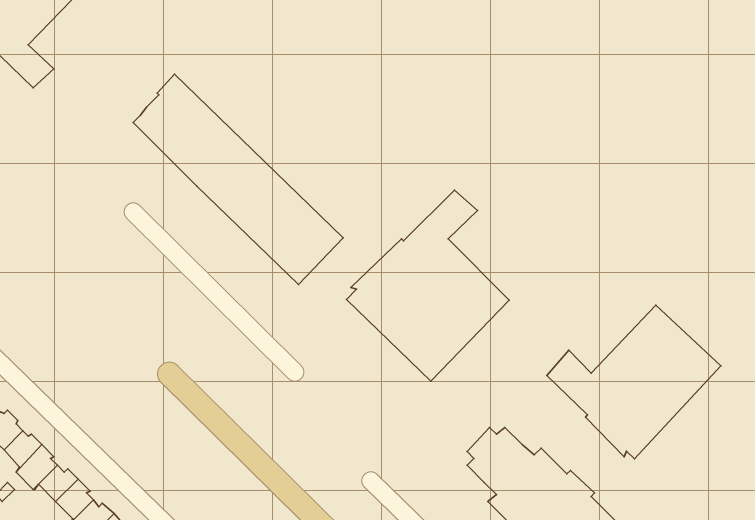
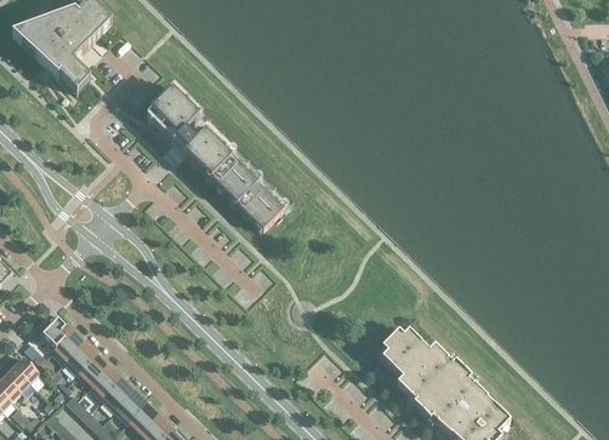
building: [347,190,509,381] -> none
building: [547,305,721,459] -> none

